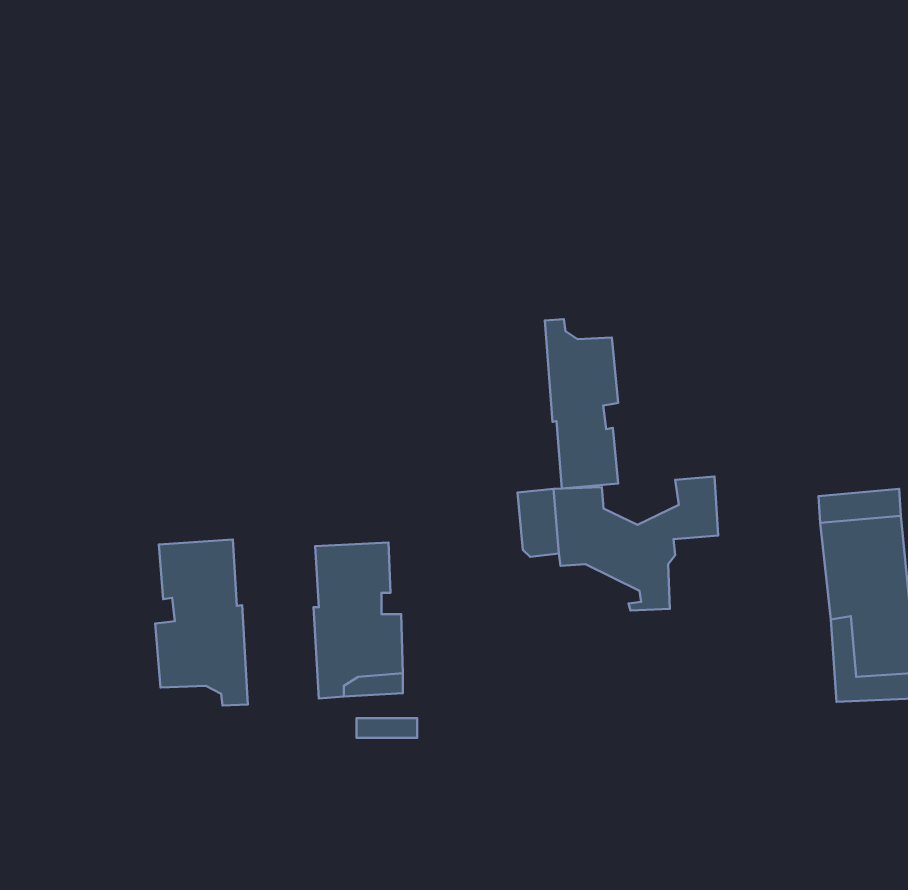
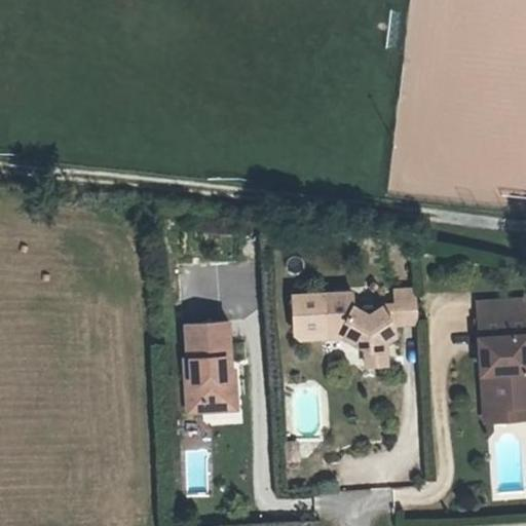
building: [545,319,618,489] -> none
building: [155,539,248,705] -> none

